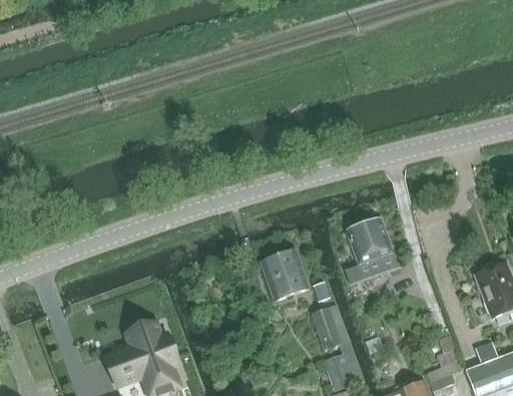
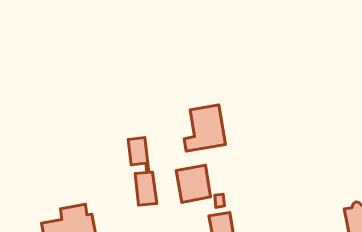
building: [346,219,398,283] -> [184,105,226,151]
building: none -> [128,137,157,205]

